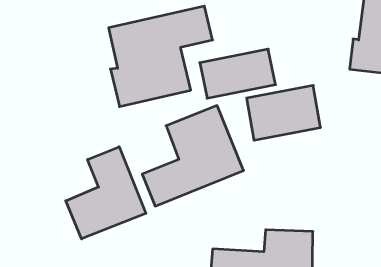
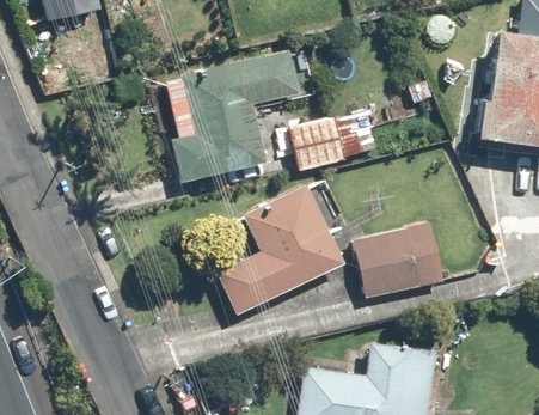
building: [247,85,321,140] -> [350,226,447,298]
building: [66,147,146,239] -> none

